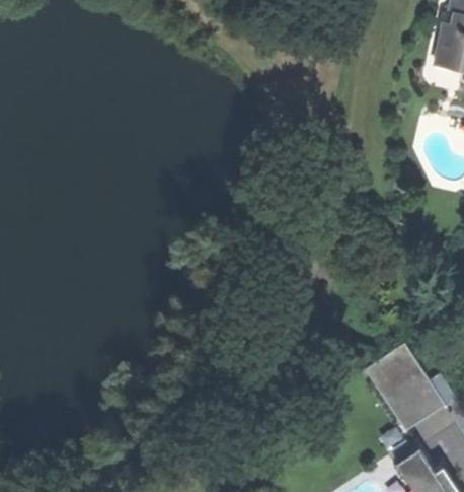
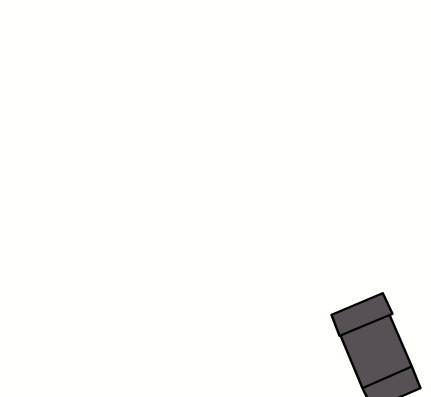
building: none -> [331,293,392,336]

